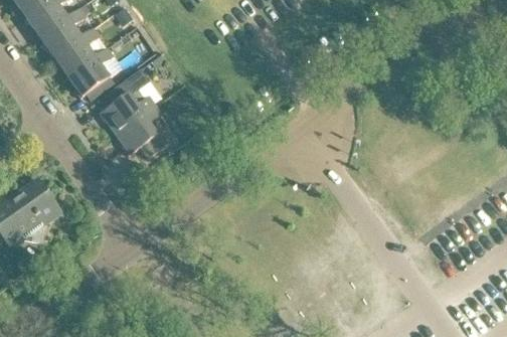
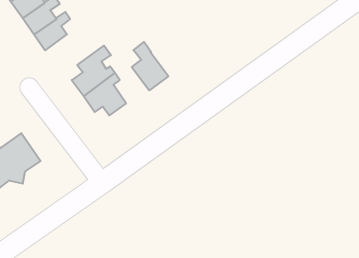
building: [67,45,113,96] -> none
building: none -> [132,42,168,90]

